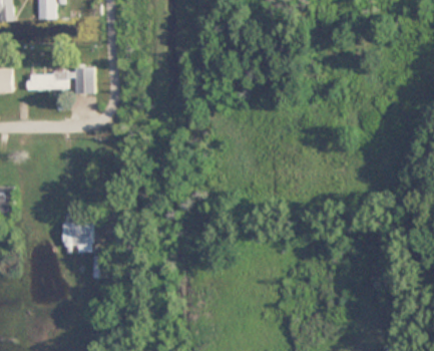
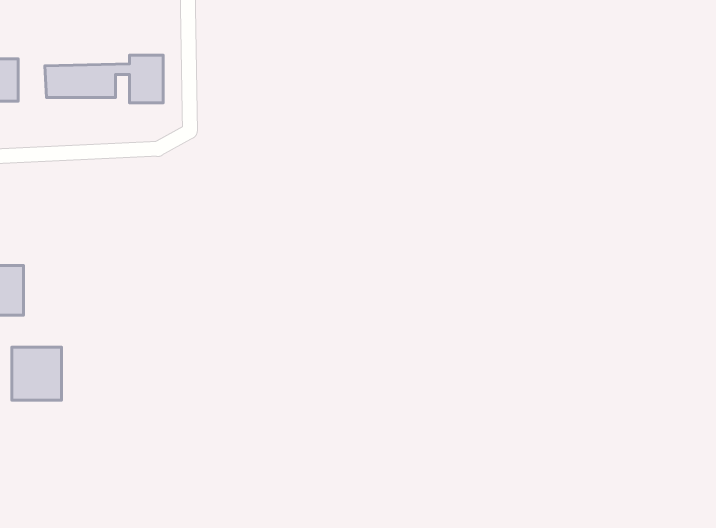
building: [64,221,92,251] -> [12,347,61,400]

